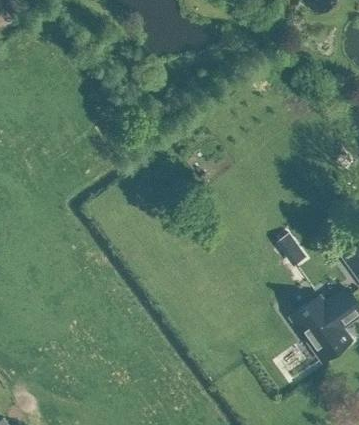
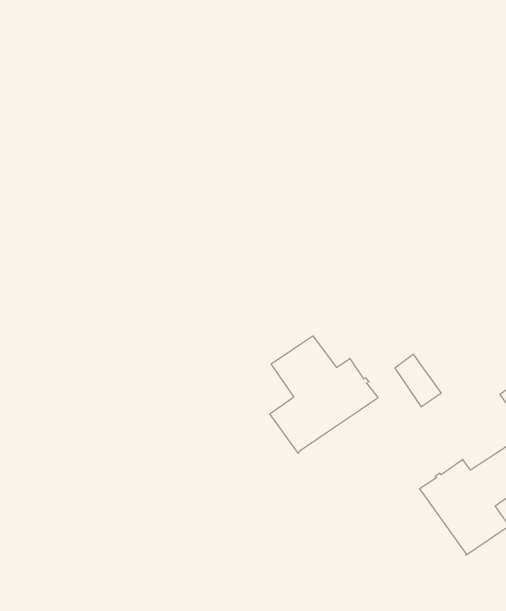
building: none -> [270,336,378,453]

